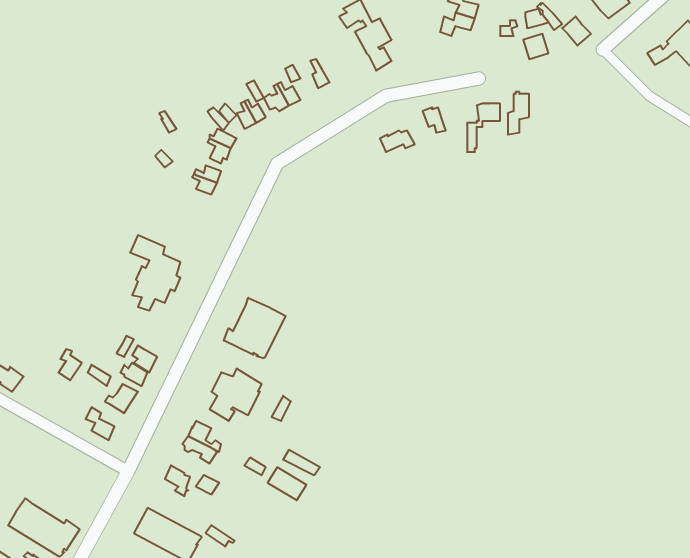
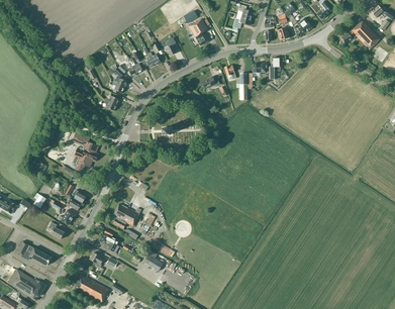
building: [224,298,286,358] -> none
building: none -> [15,240,50,265]

